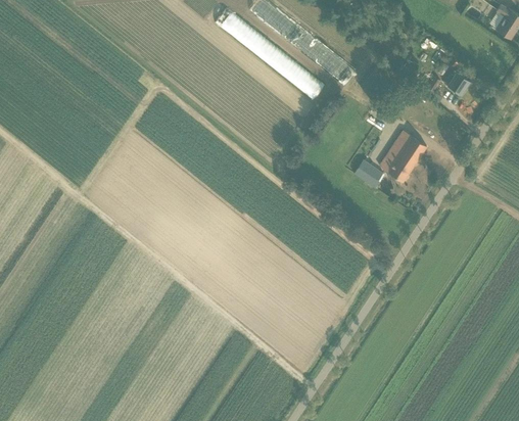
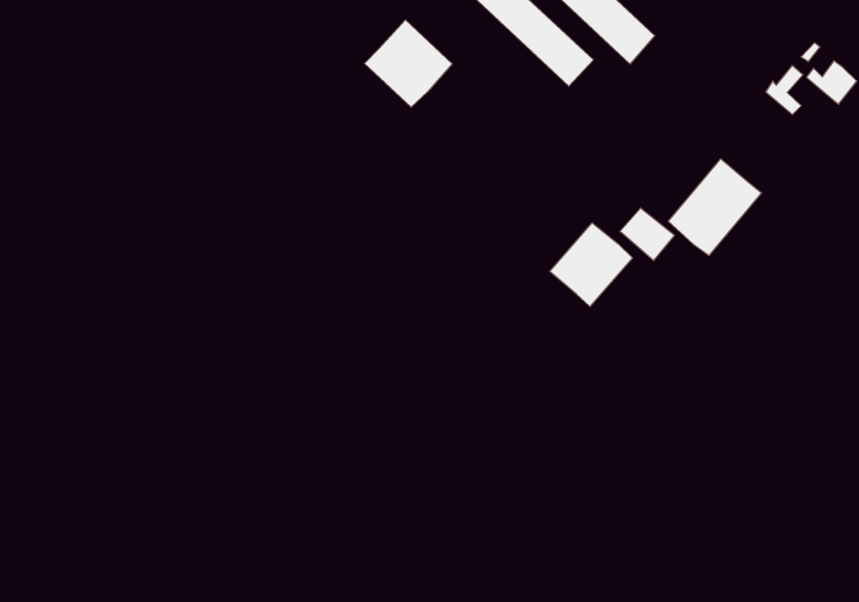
building: none -> [365,20,452,107]
building: none -> [550,223,632,307]

